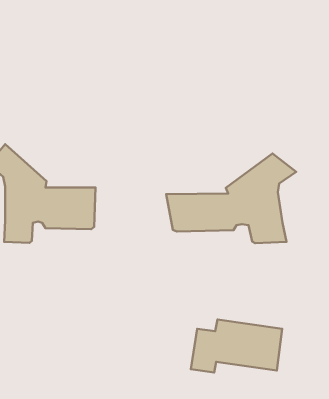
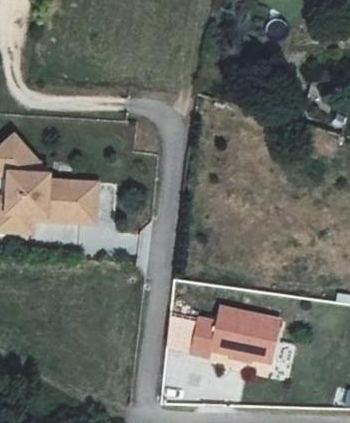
building: [166,154,296,243] -> none

